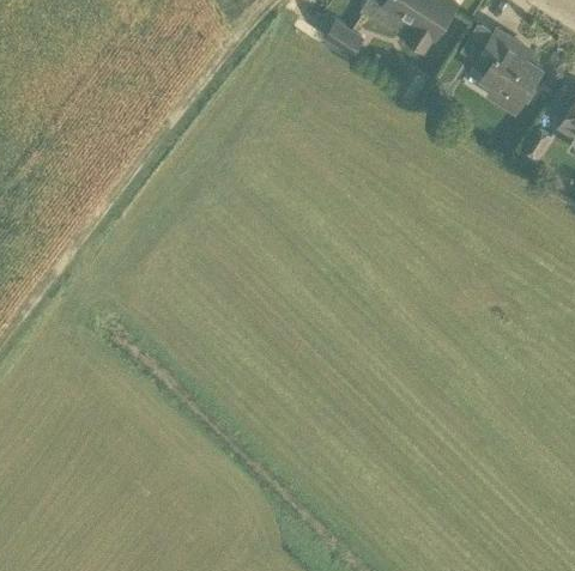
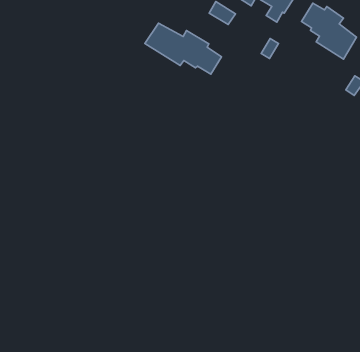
building: none -> [145,23,222,74]

